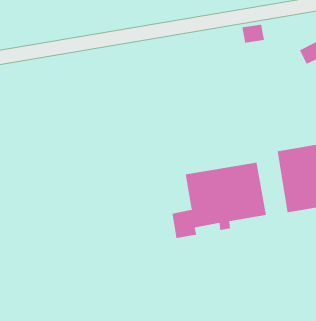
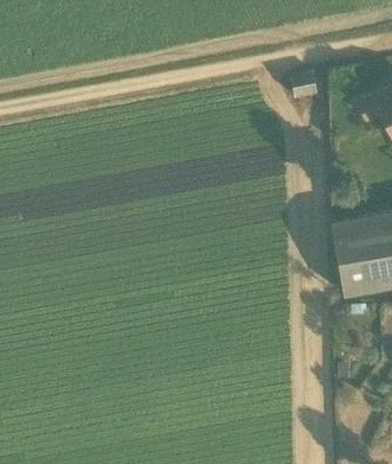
building: [172,162,266,239] -> none

